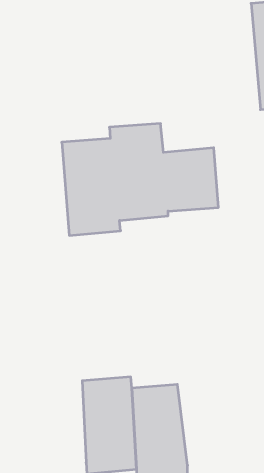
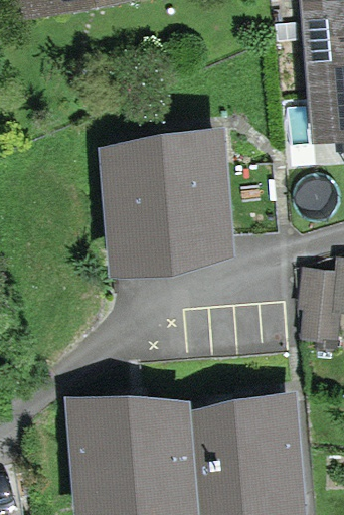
building: none -> [66,401,126,506]
building: none -> [223,401,287,505]

